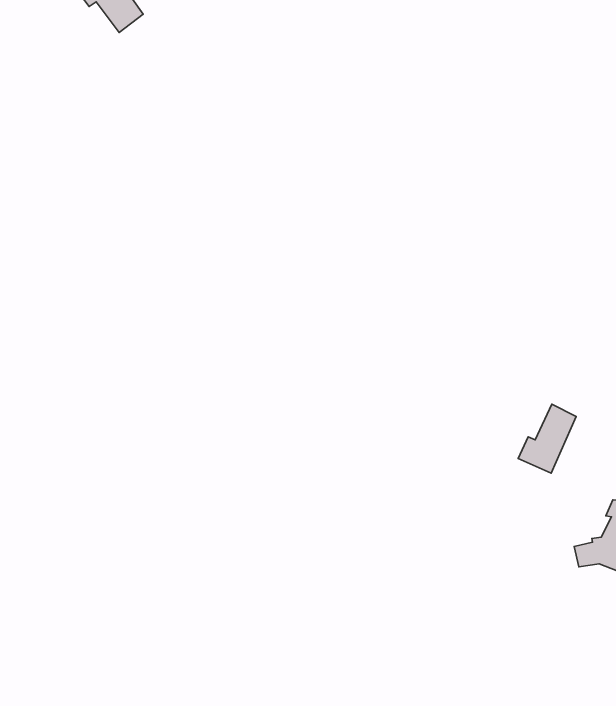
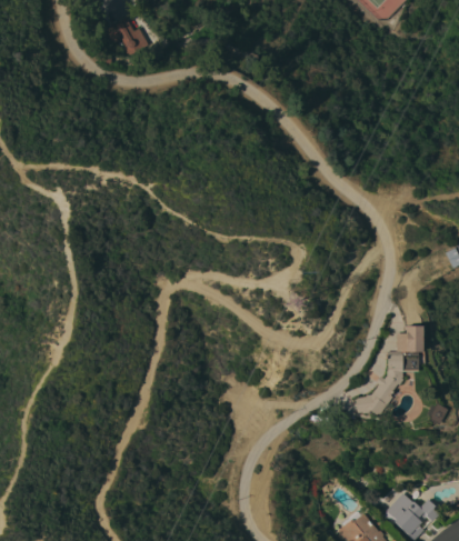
building: [518,404,576,473] -> none

